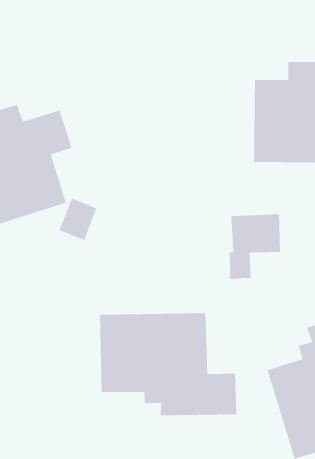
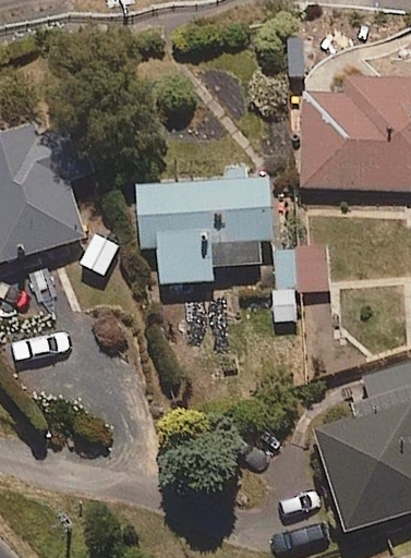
building: none -> [136,166,271,283]
building: [99,313,237,416] -> none

